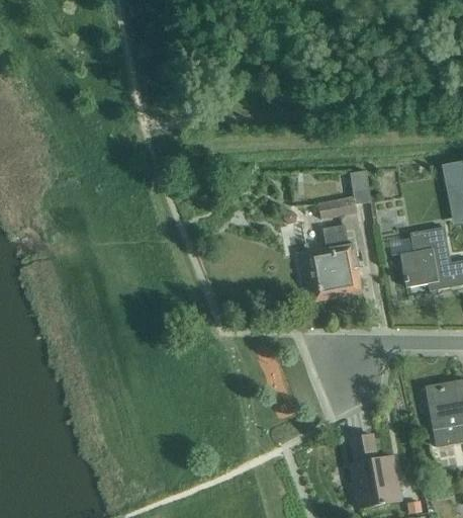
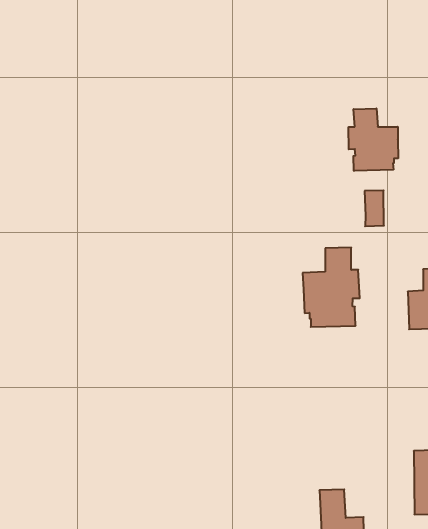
building: none -> [349,108,398,171]
building: [316,194,356,219] -> none

